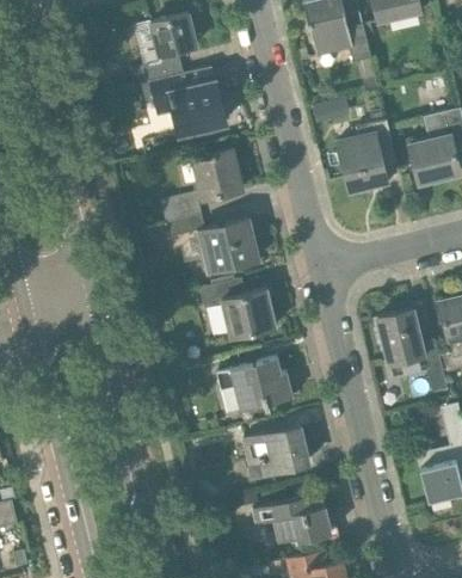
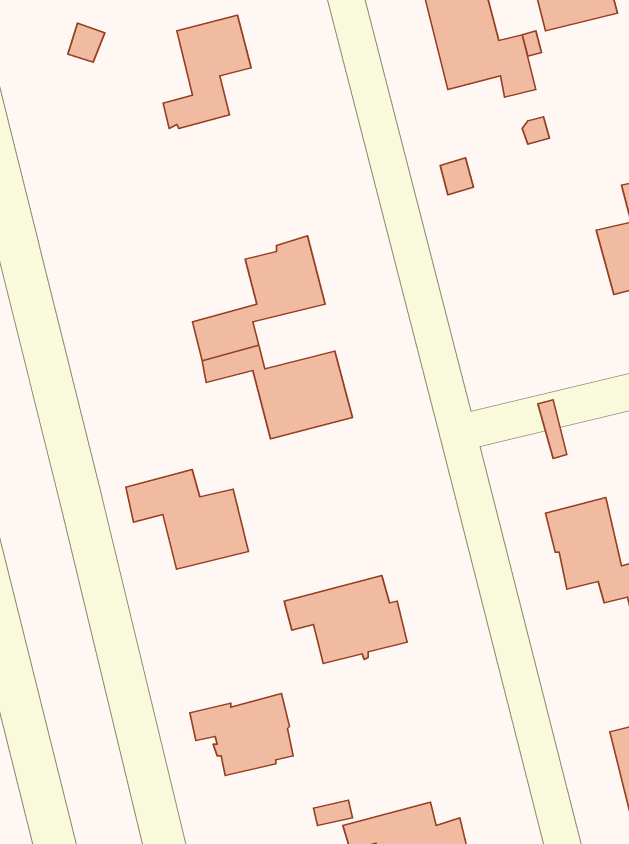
building: [153,69,226,134] -> none
building: [340,119,390,191] -> none
building: [201,277,276,338] -> [126,469,249,569]
building: [245,425,308,475] -> [190,693,293,775]

